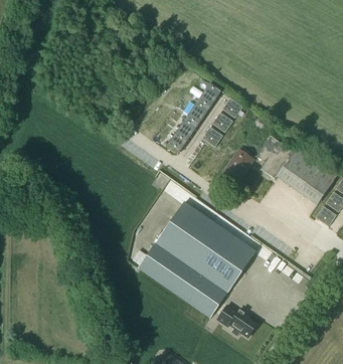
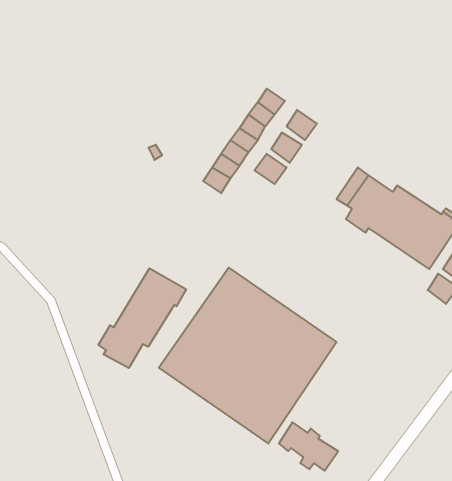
building: [224,150,252,181] -> none
building: none -> [98,268,186,368]

